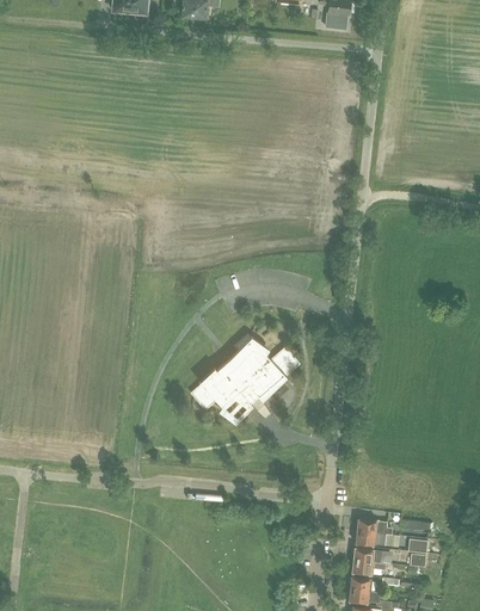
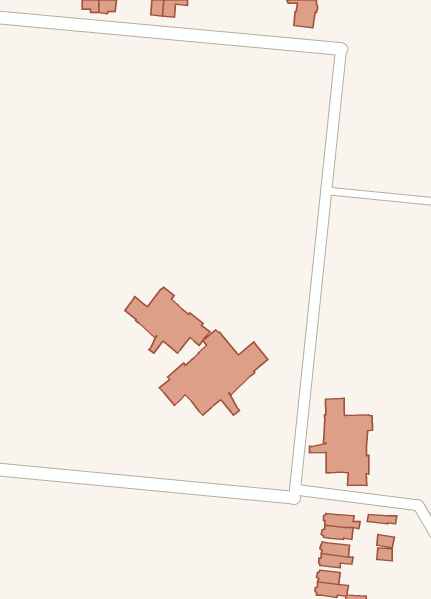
building: none -> [125,287,210,353]
building: none -> [309,398,372,486]

